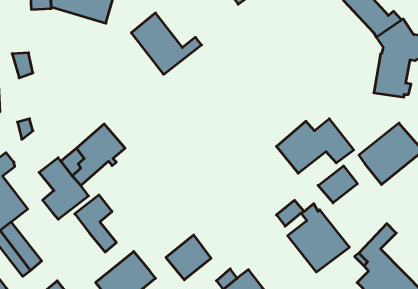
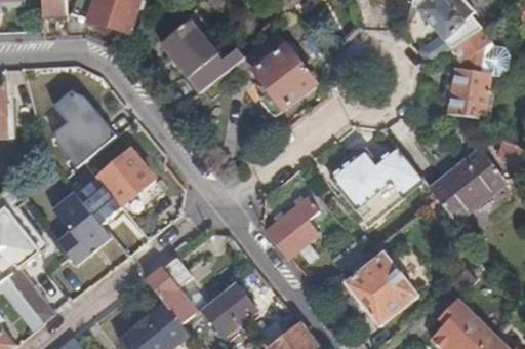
building: none -> [244,17,315,110]
building: none -> [54,86,119,168]
building: none -> [266,197,319,262]
building: [318,166,357,203] -> none
building: [75,195,116,252] -> [147,257,196,324]

